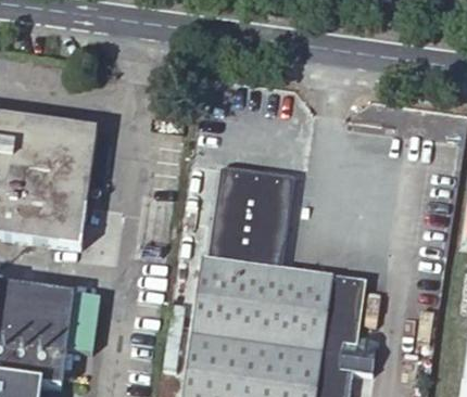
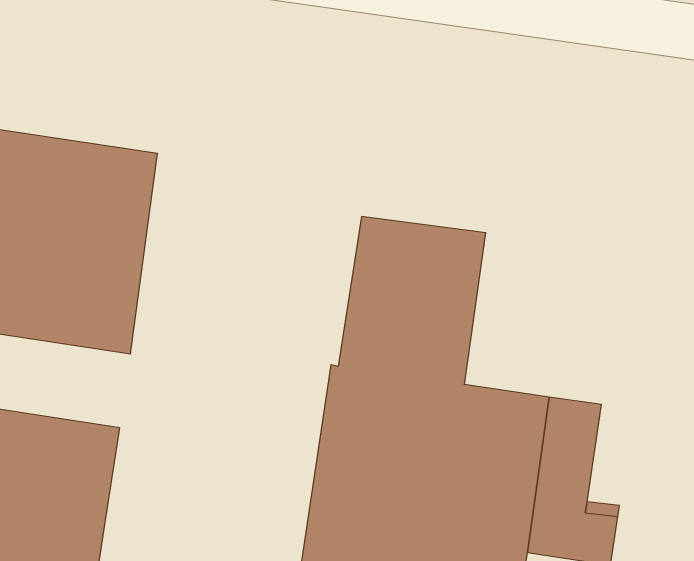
building: [66,293,100,351] -> none

